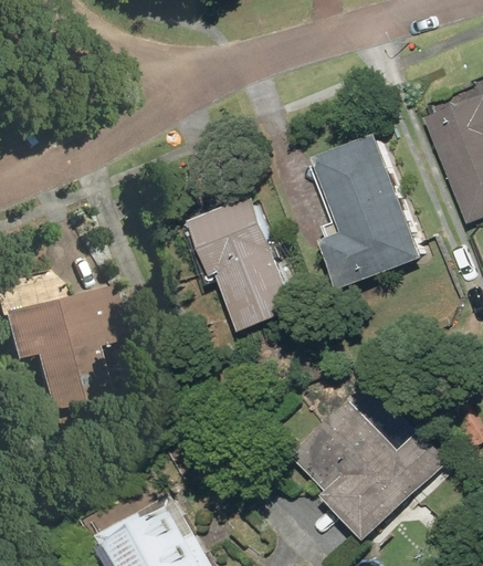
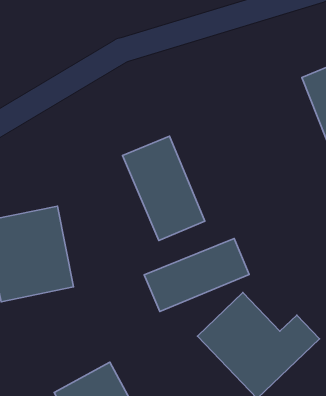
building: [313,133,421,287] -> none
building: none -> [144,238,249,312]

